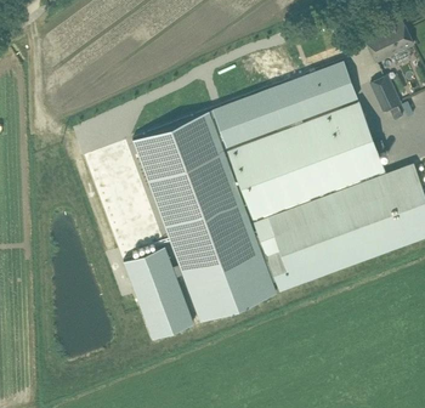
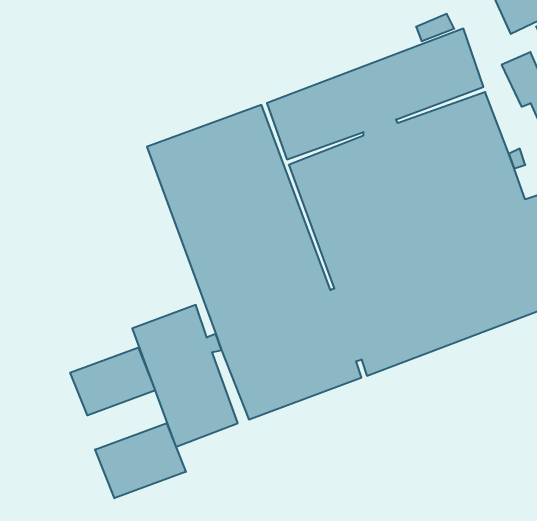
building: none -> [70,348,155,415]
building: none -> [95,423,186,498]

